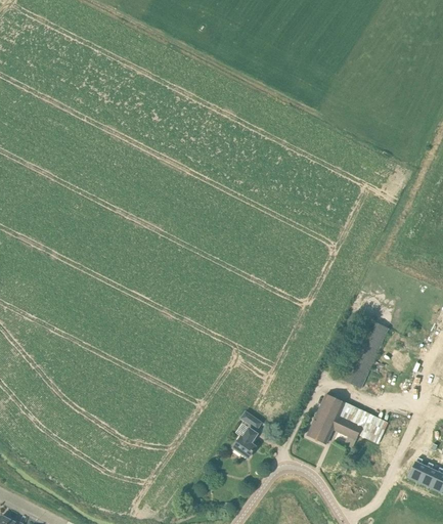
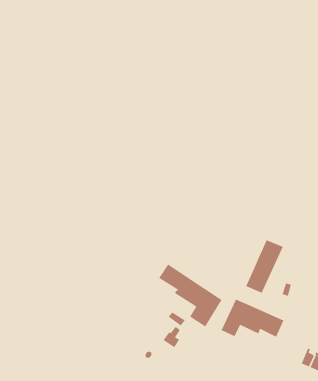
building: none -> [158,263,222,327]

